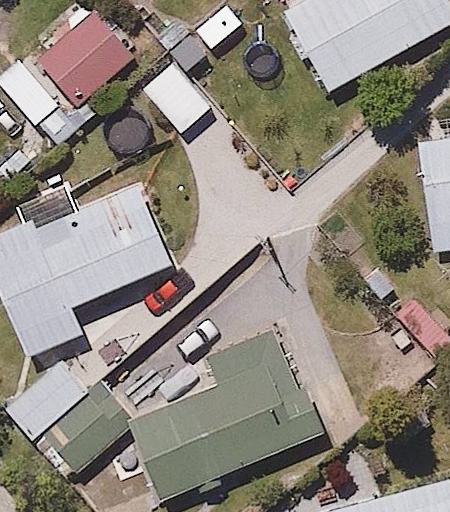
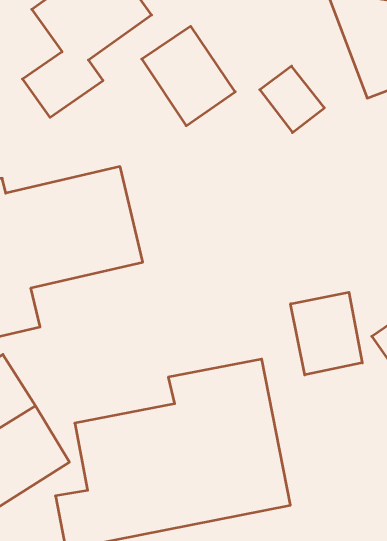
building: none -> [291,292,362,375]

